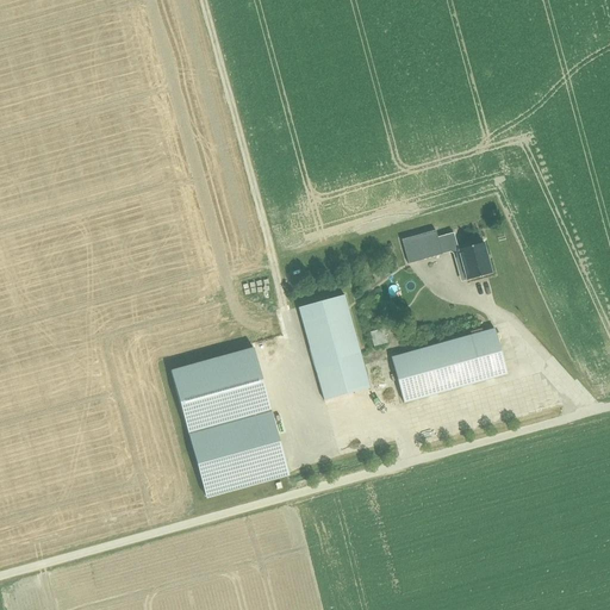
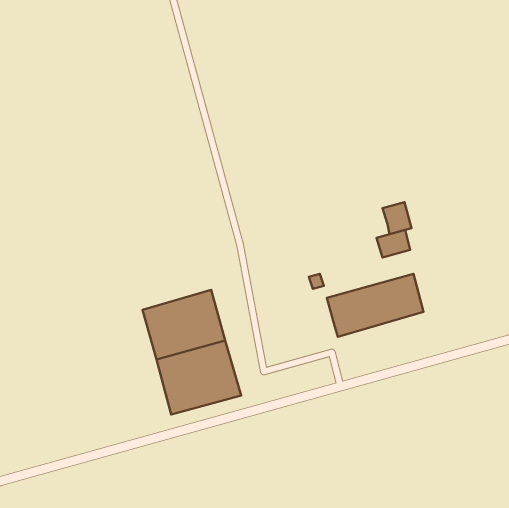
building: [402,229,442,262] -> [376,230,410,258]
building: [298,294,371,400] -> none

